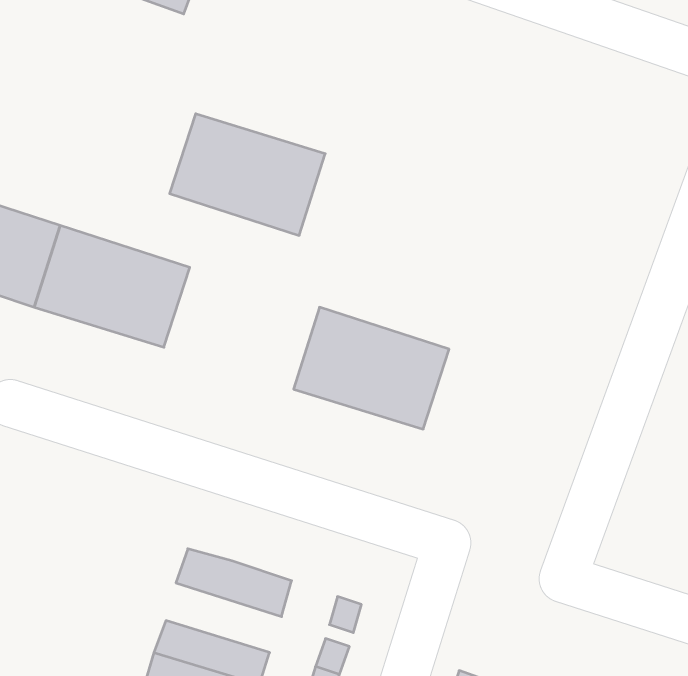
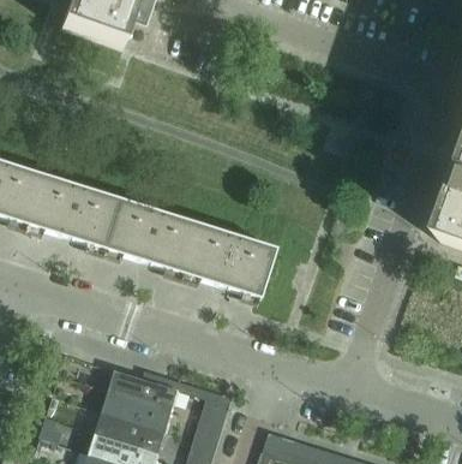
building: [170,114,325,235] -> [101,198,194,272]
building: none -> [102,388,172,430]

